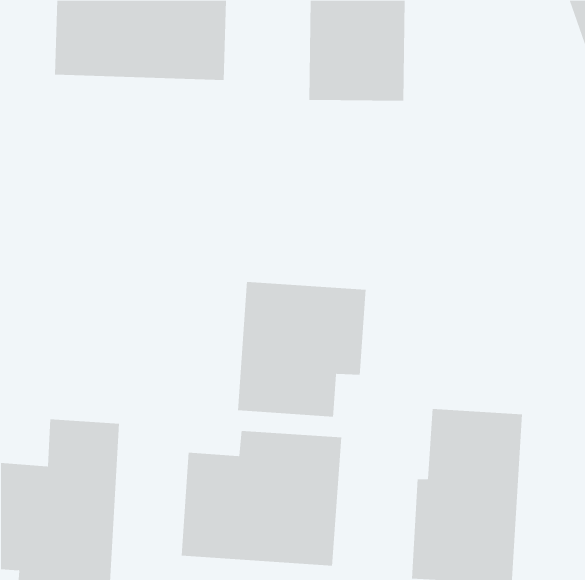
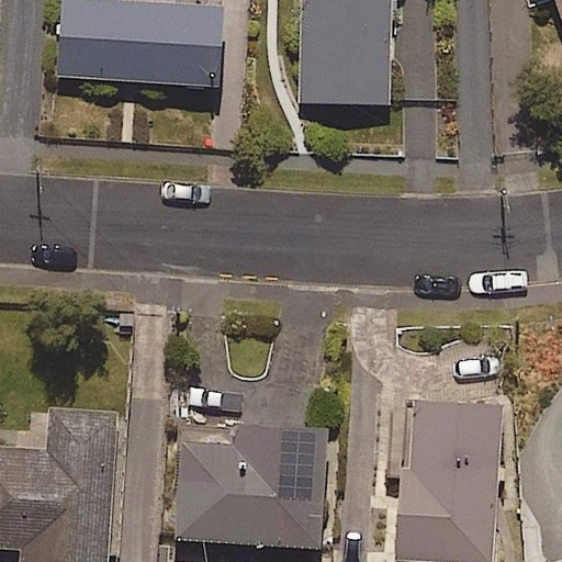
building: [238,281,366,418] -> none

